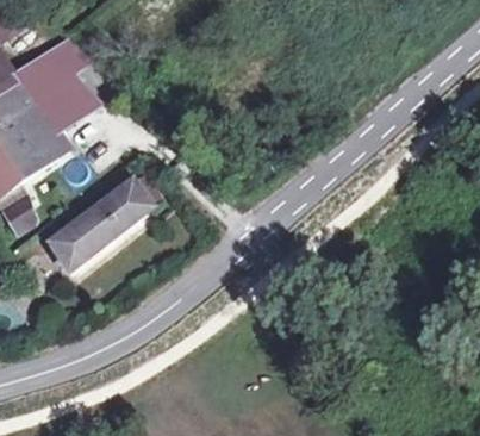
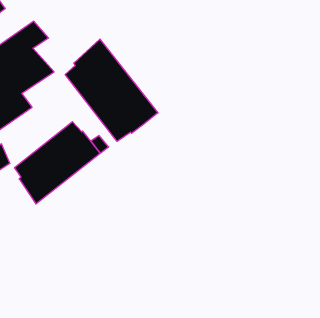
building: none -> [65,39,158,141]

